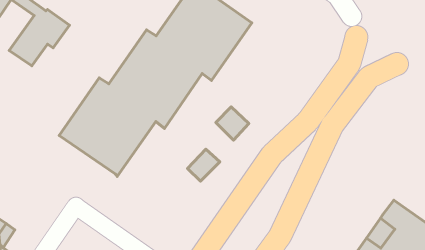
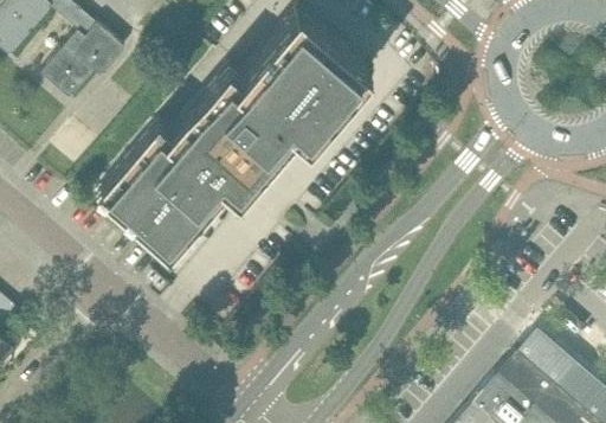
building: [216,107,249,140] -> none
building: [187,149,220,181] -> none

